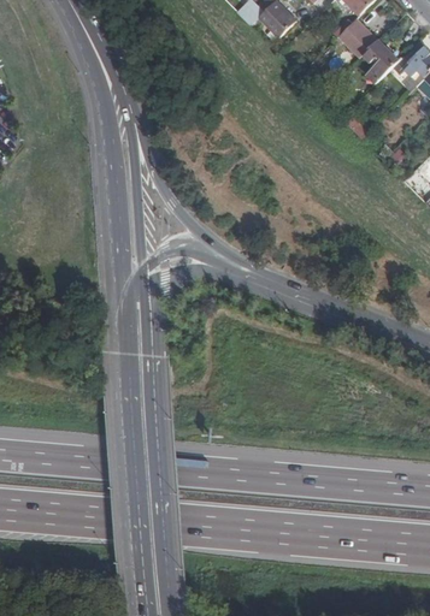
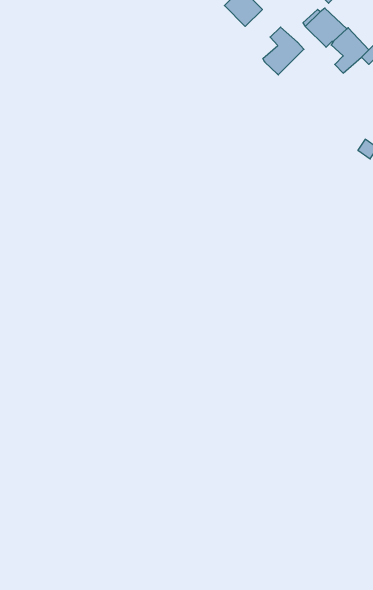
building: none -> [263,27,304,75]

